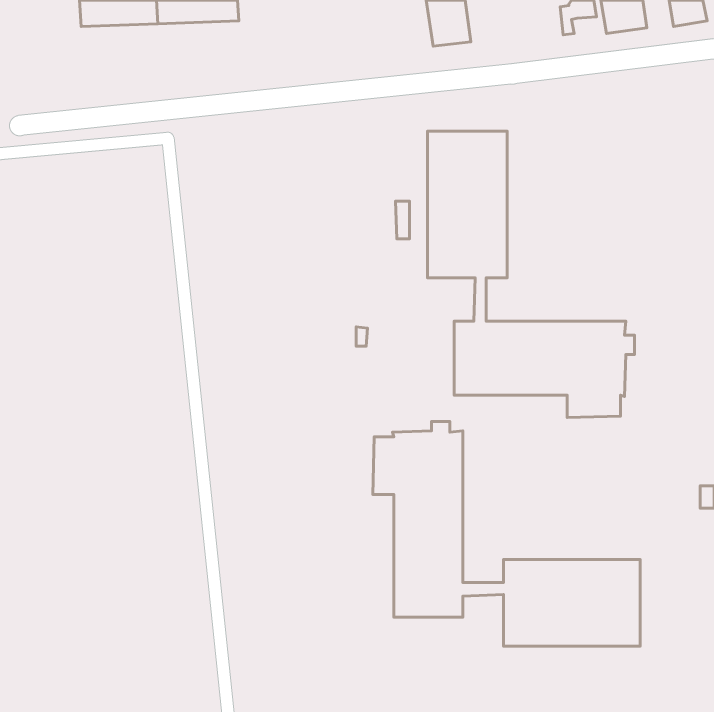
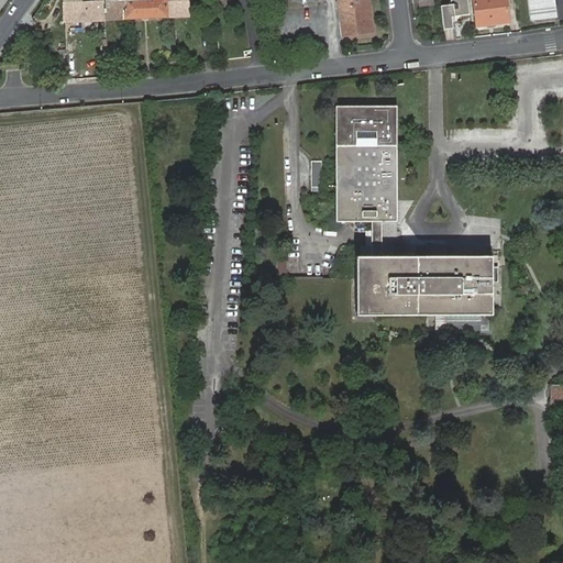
building: [373,422,640,646] -> none

